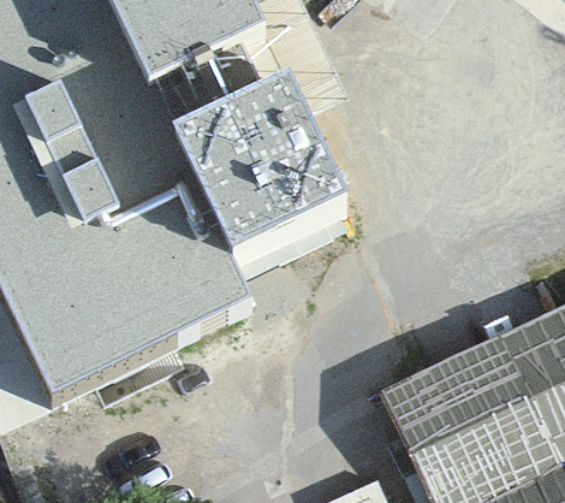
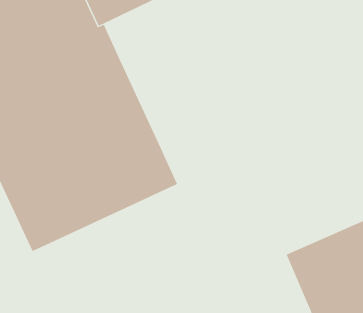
building: [177,67,350,248] -> none

